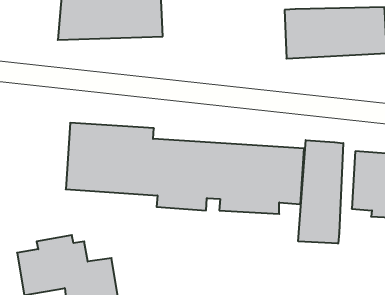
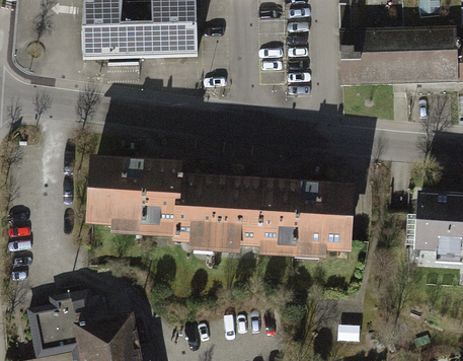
building: [298,140,343,244] -> none

